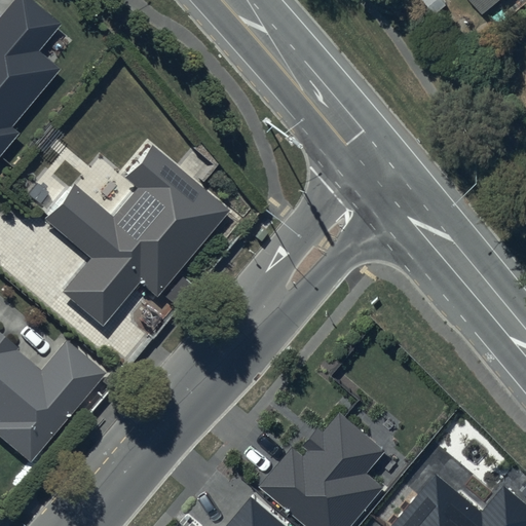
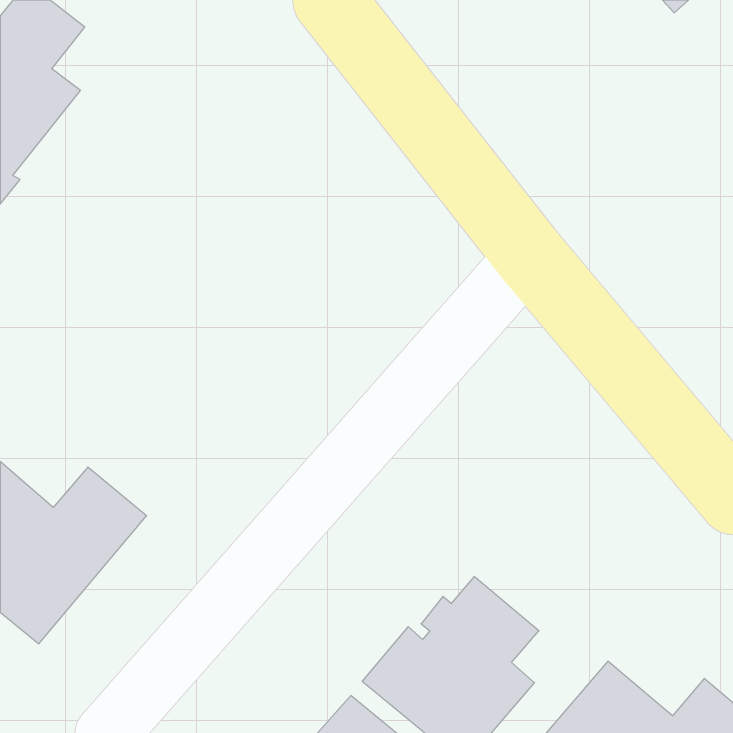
building: [36,148,223,326] -> none

